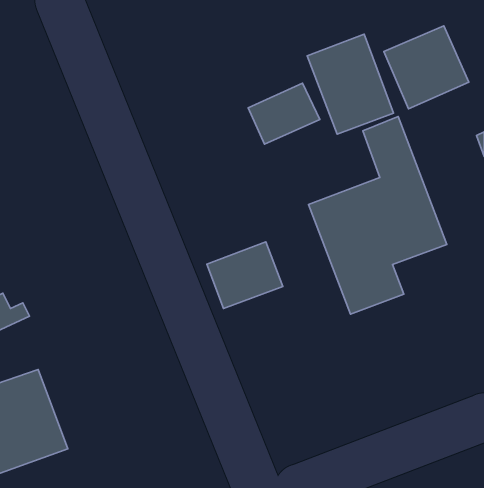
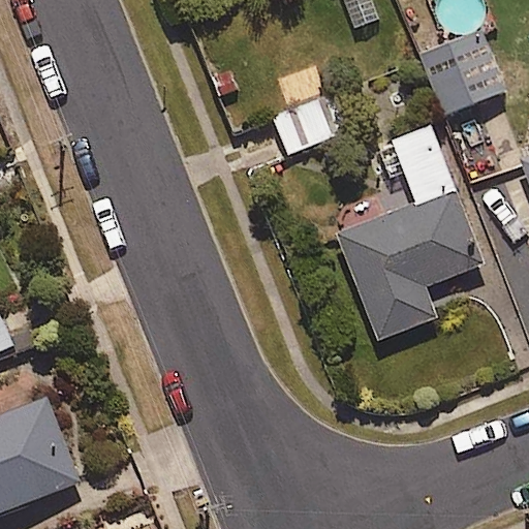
building: [307,34,393,134] -> none
building: [207,242,283,308] -> none

